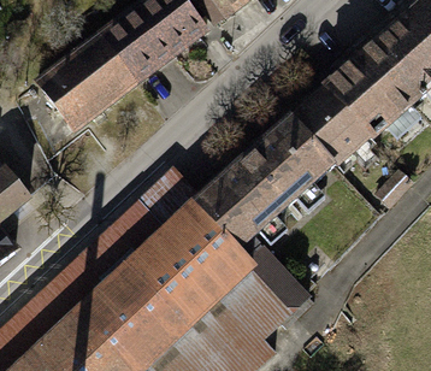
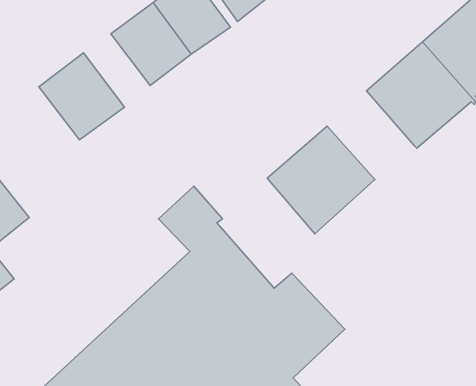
building: [76,36,135,101] -> none
building: [291,87,368,165] -> none
building: [194,164,281,261] -> none

